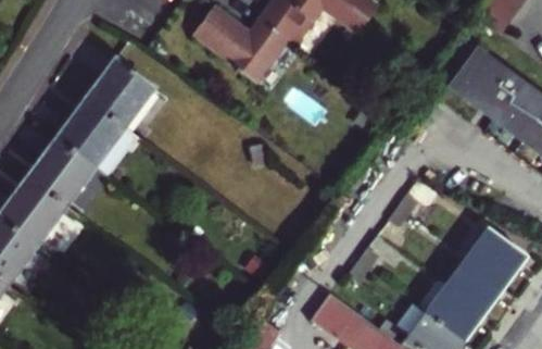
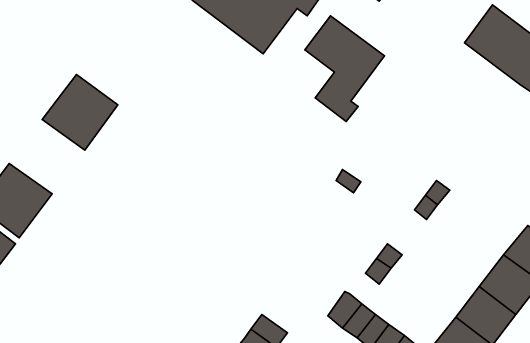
building: none -> [305,16,384,122]
building: [89,65,152,126] -> none
building: [29,139,97,205] -> none

